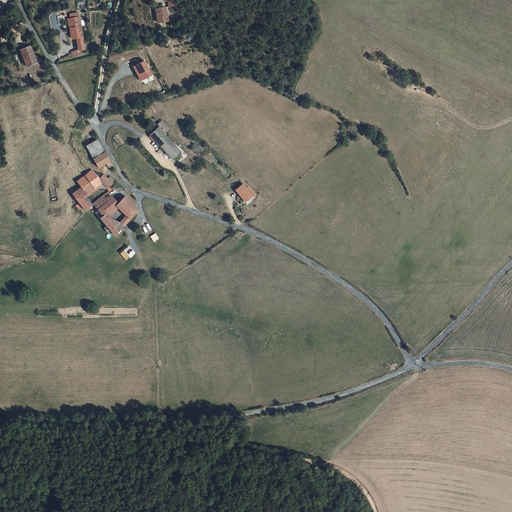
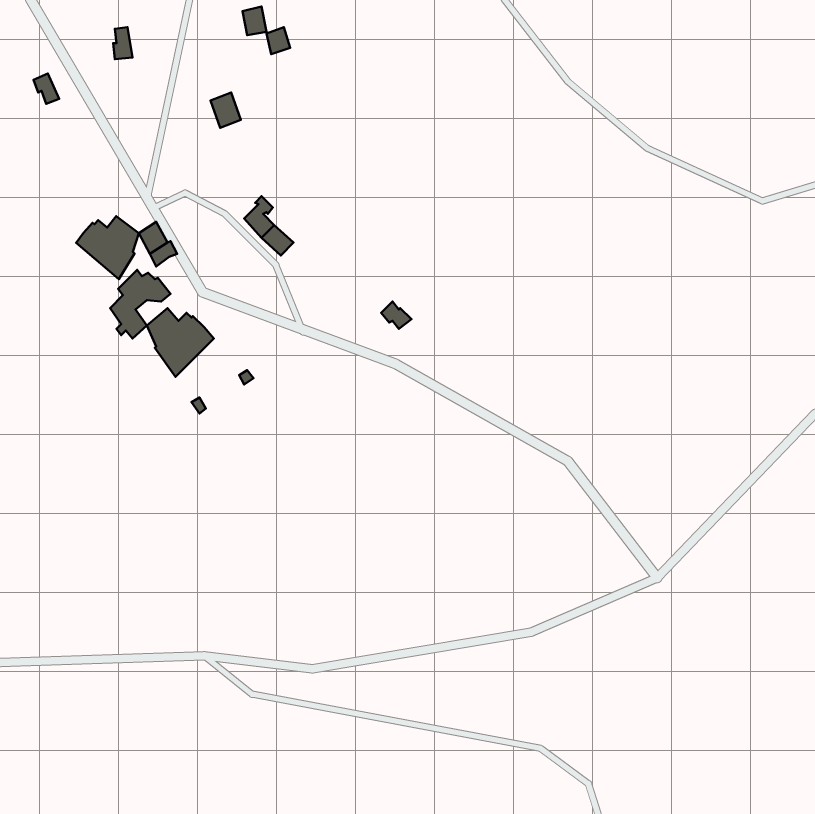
building: none -> [76,216,139,279]

